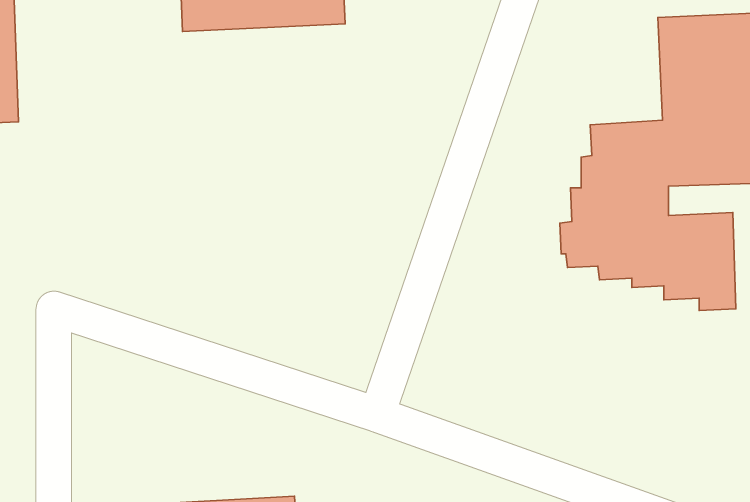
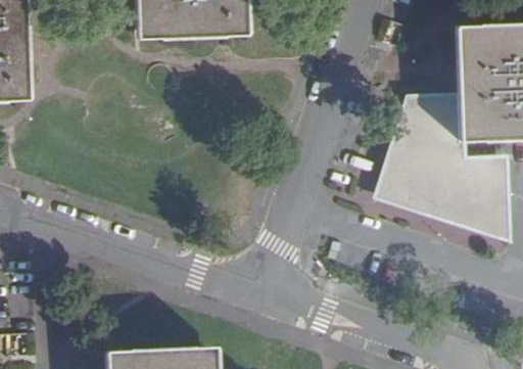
building: none -> [378,100,511,241]

